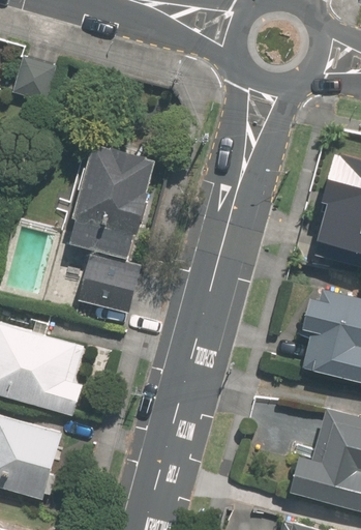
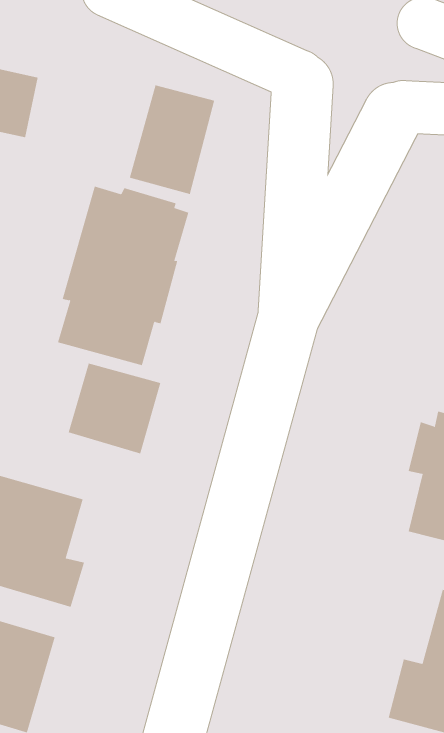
building: none -> [129,84,215,195]

